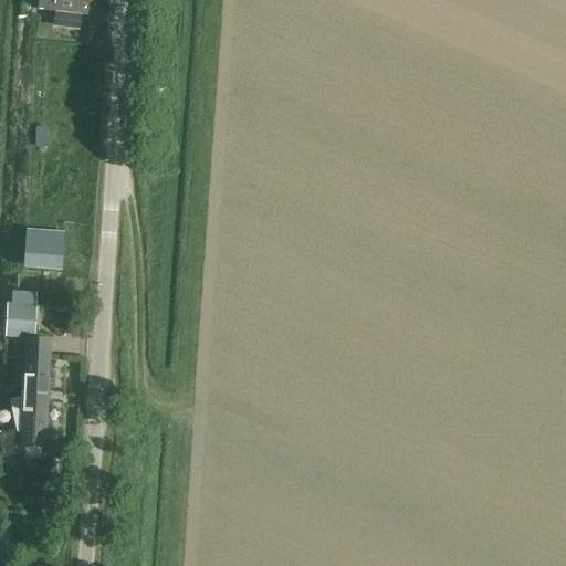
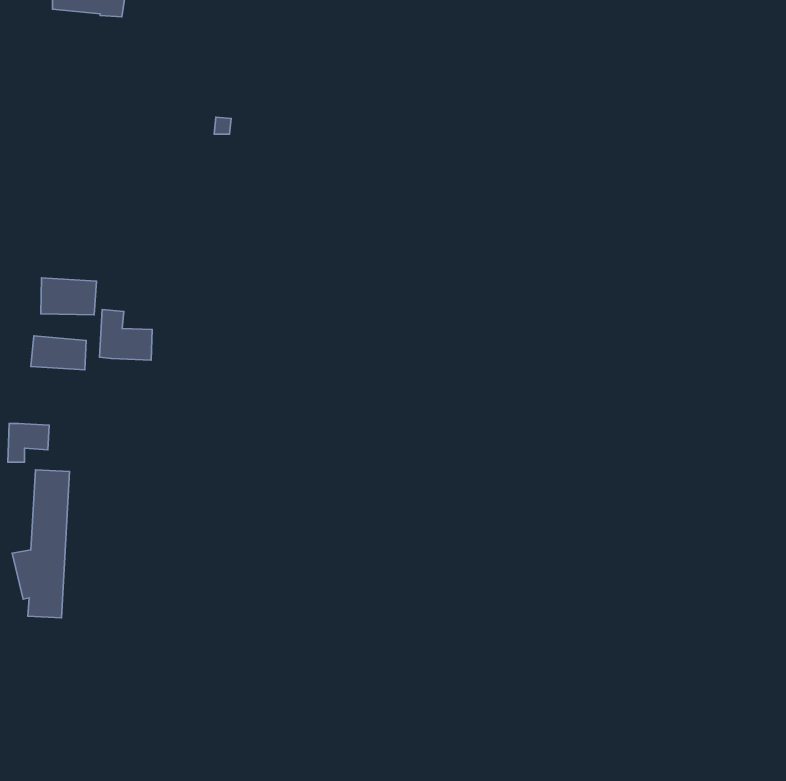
building: none -> [41,278,96,315]
building: none -> [99,309,152,360]

